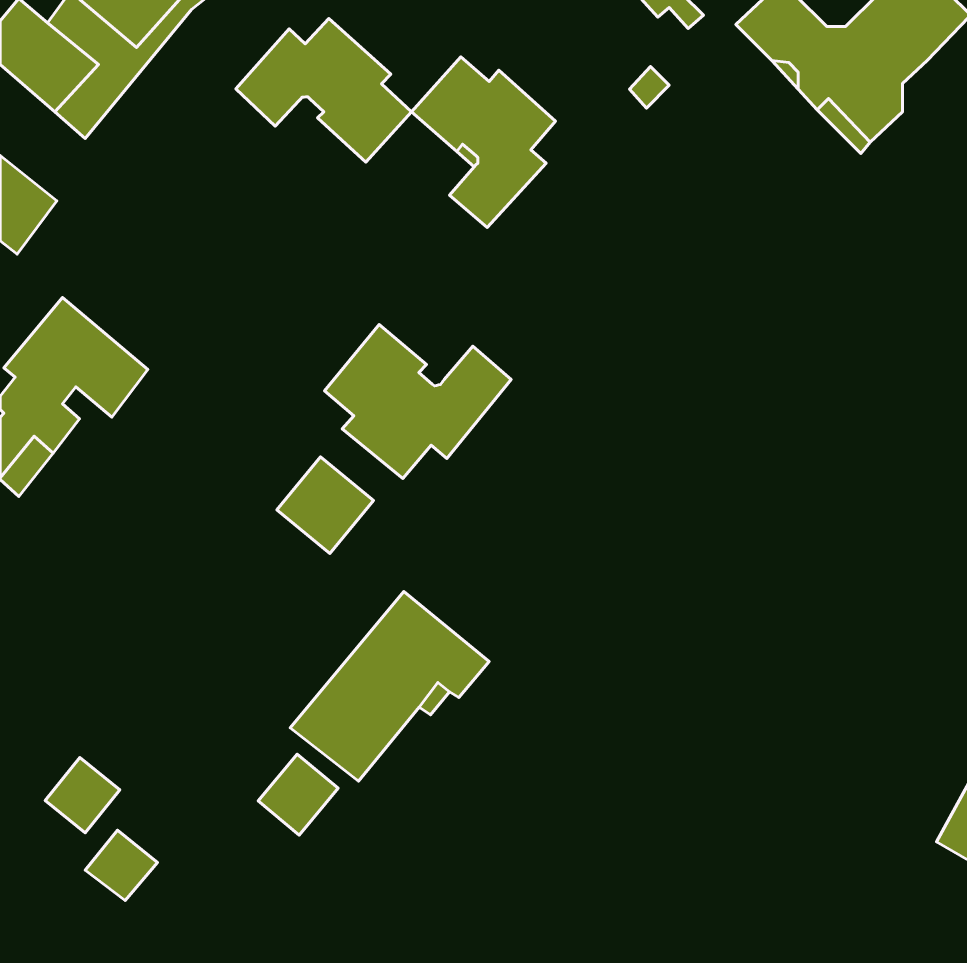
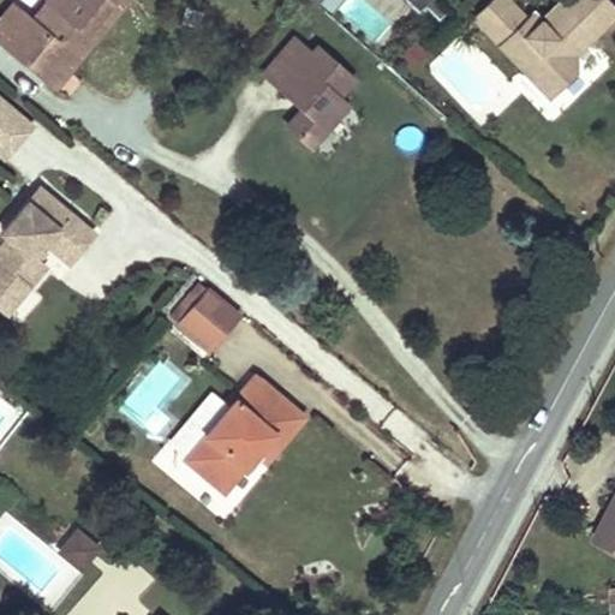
building: [236,18,411,162] -> none
building: [324,324,511,479] -> none
building: [258,754,338,835] -> none
building: [45,757,120,833] -> none

